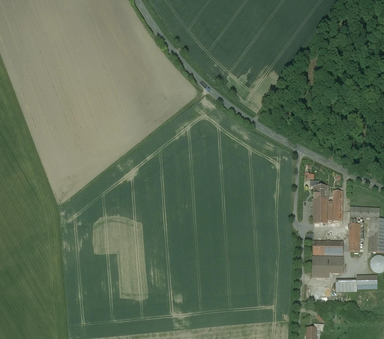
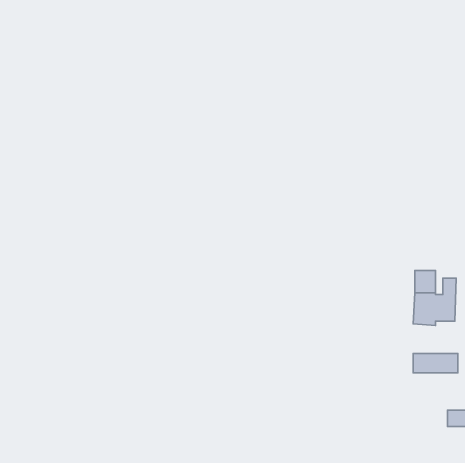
building: [312,256,343,277] -> none

